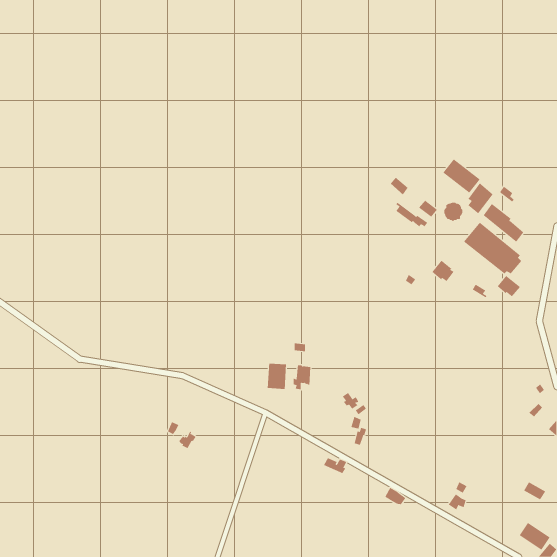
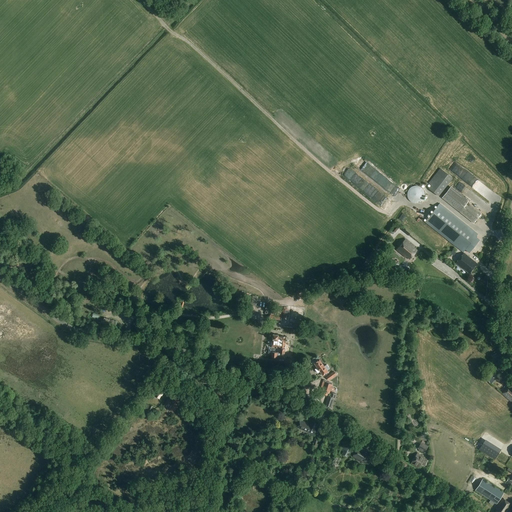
building: [443,158,480,194] -> none
building: [267,363,287,390] -> none

